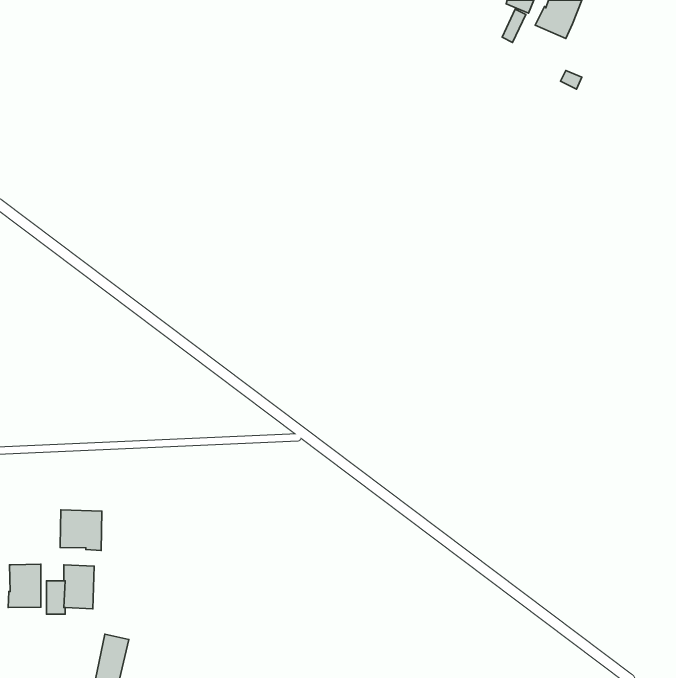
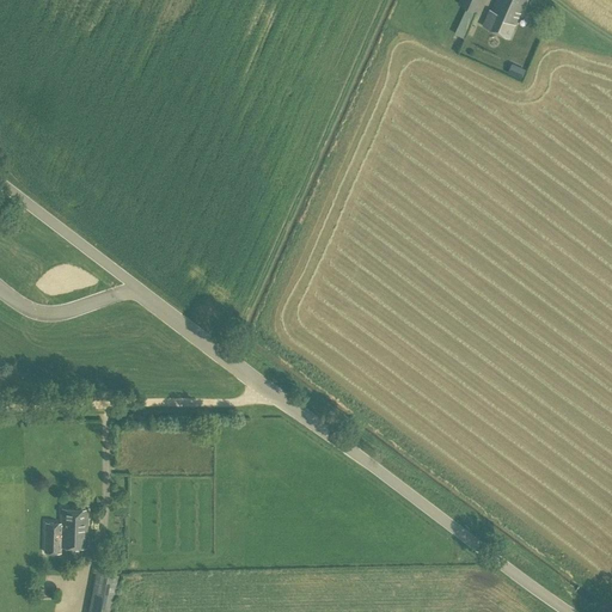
building: [60,510,102,551] -> none
building: [8,564,41,607] -> none

